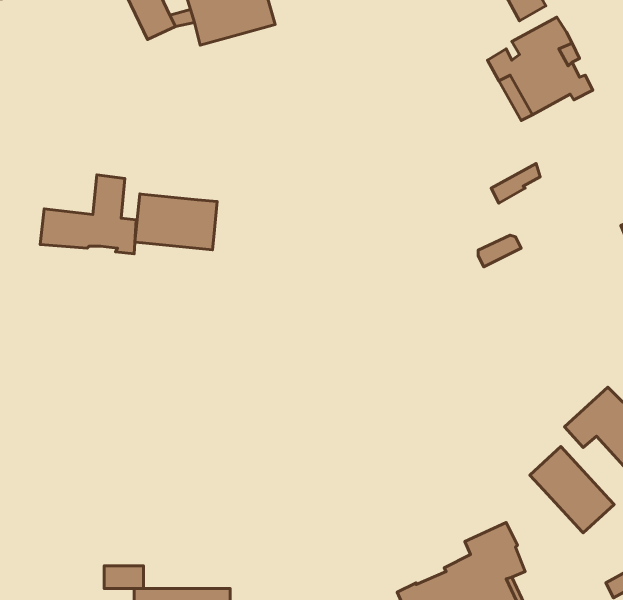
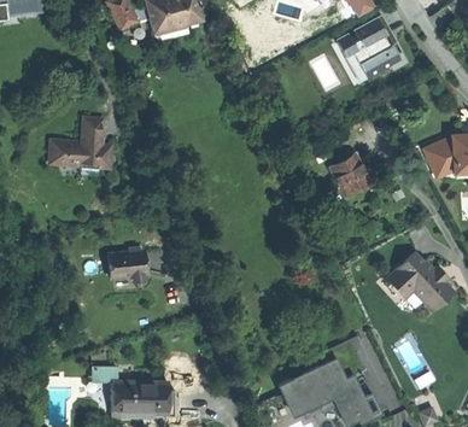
building: [135,194,217,250] -> none
building: none -> [335,164,369,195]
building: none -> [107,251,146,281]
building: [530,447,614,533] -> none

